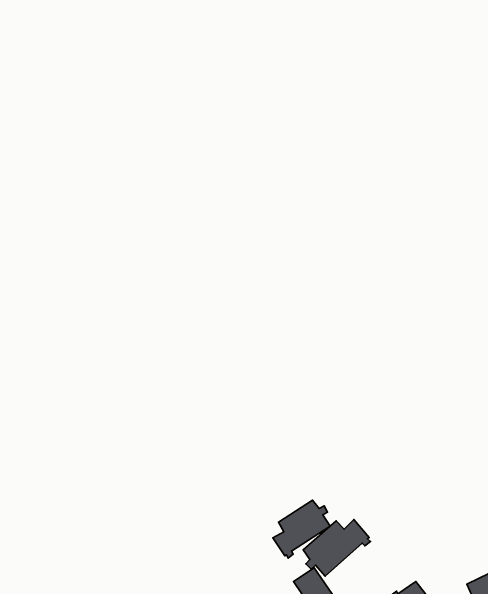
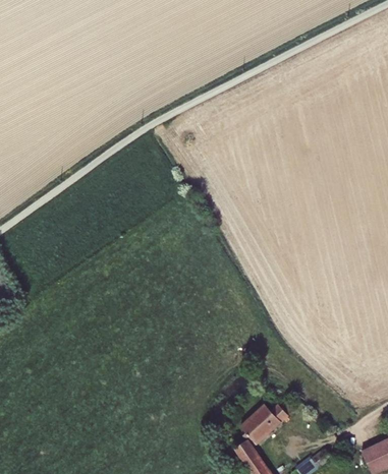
building: [273,500,330,558] -> none

